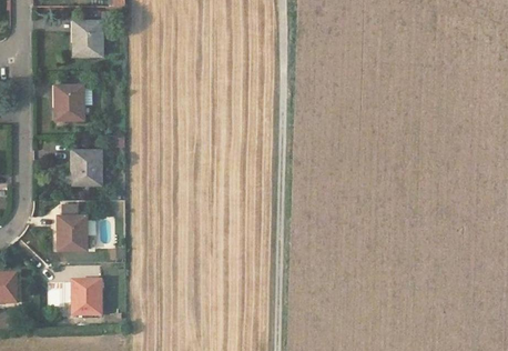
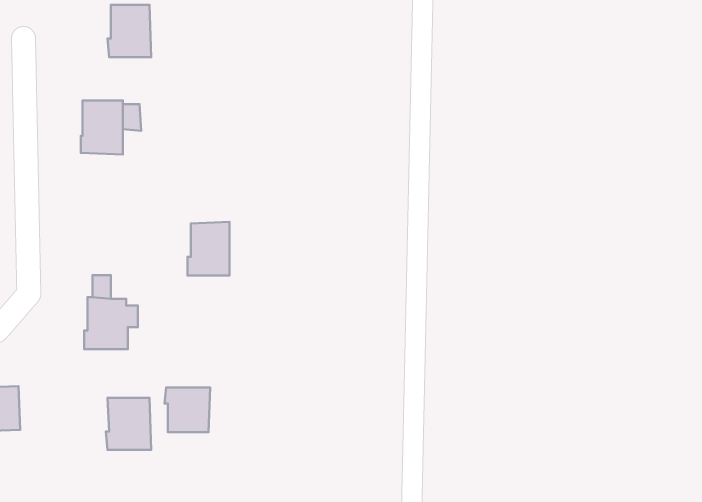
building: [73,148,101,183] -> [187,222,229,275]
building: none -> [164,388,210,432]

